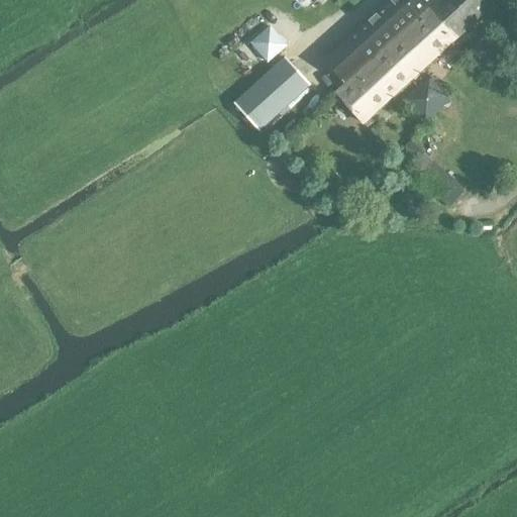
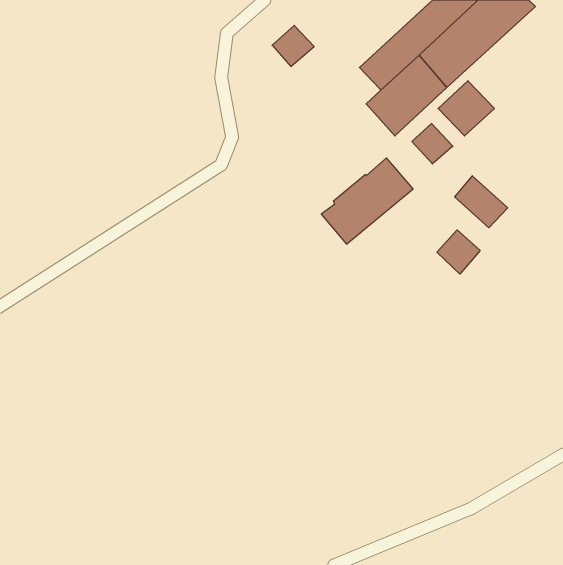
building: [236,50,320,129] -> [321,158,413,244]
building: none -> [412,124,453,164]
building: none -> [437,230,480,274]

